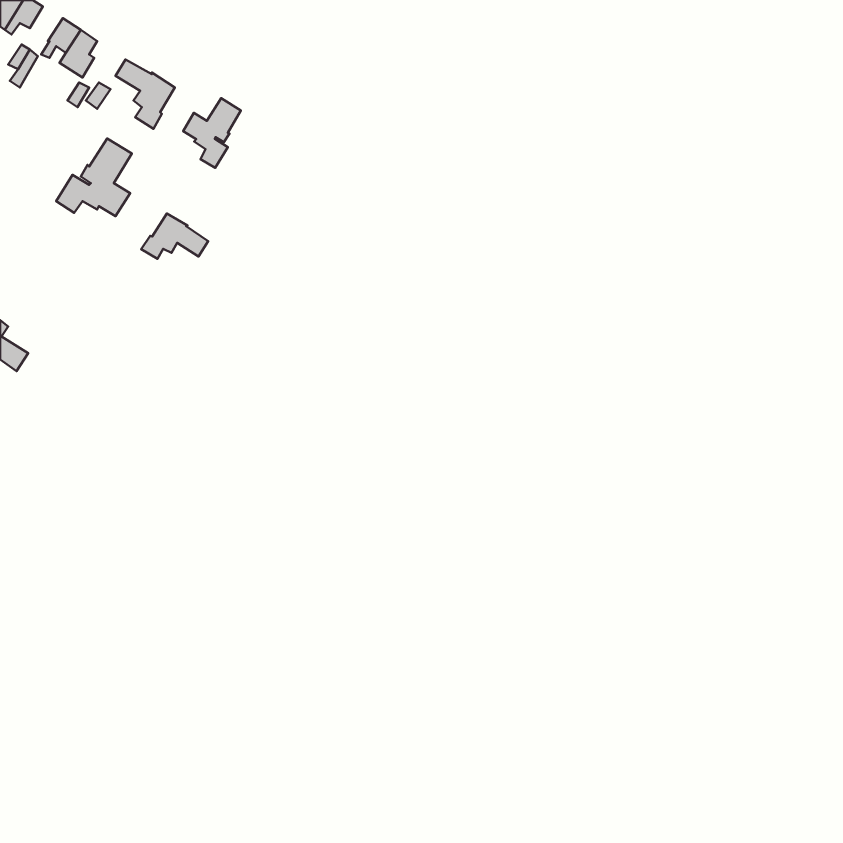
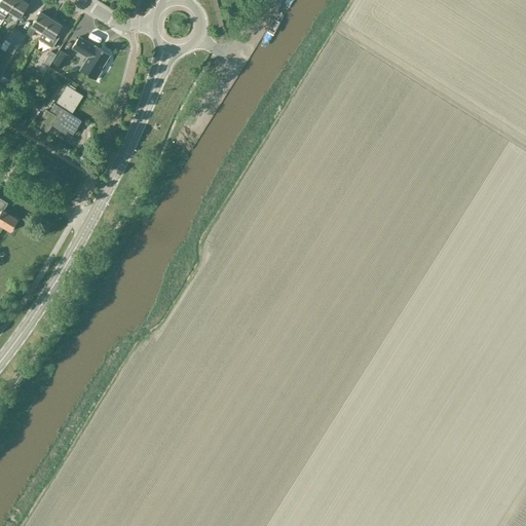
building: [183,98,241,168] -> none
building: [141,213,208,259] -> none

